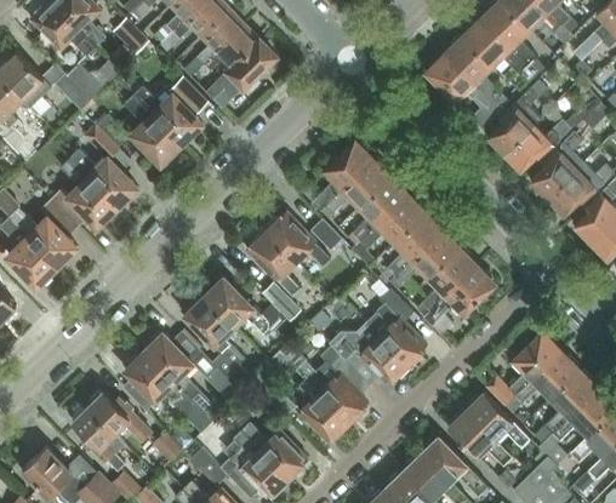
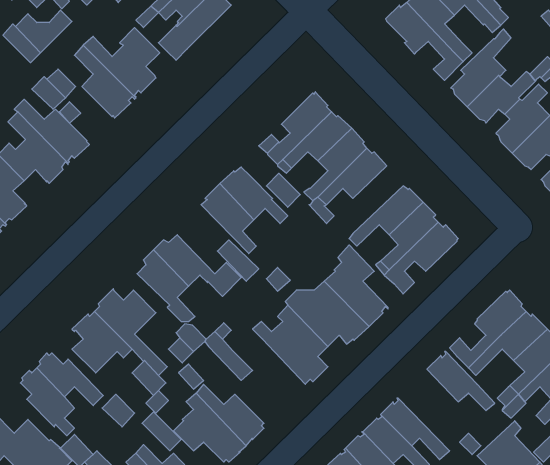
building: [387,211,443,276] -> none
building: [298,378,348,442] -> none
building: [446,407,513,465] -> none

